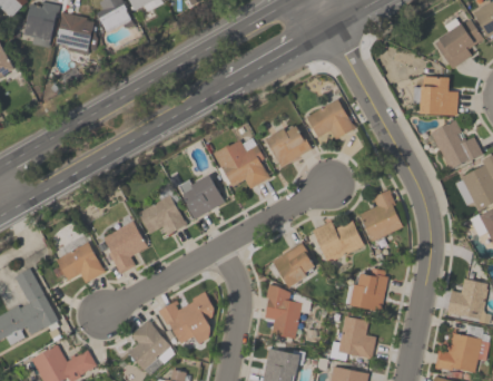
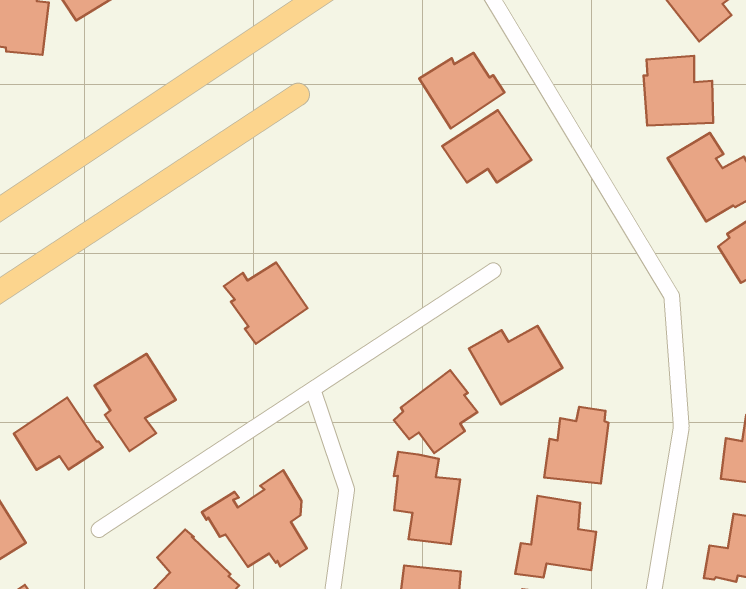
building: [265,126,312,167] -> [419,53,504,128]
building: [211,140,269,188] -> none
building: [358,189,402,241] -> none
building: [137,195,187,235] -> none

